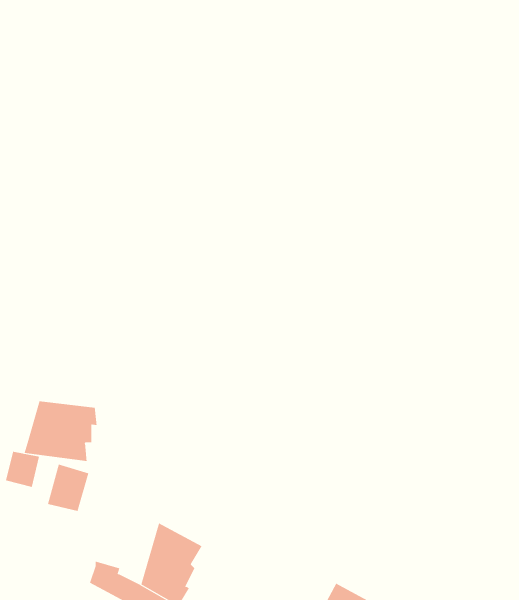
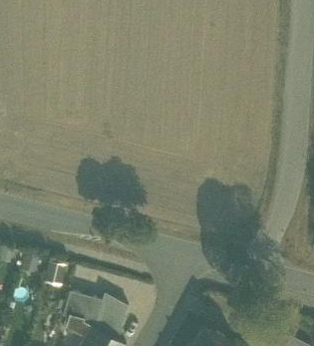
building: [24,401,97,462] -> none
building: none -> [62,292,101,328]

